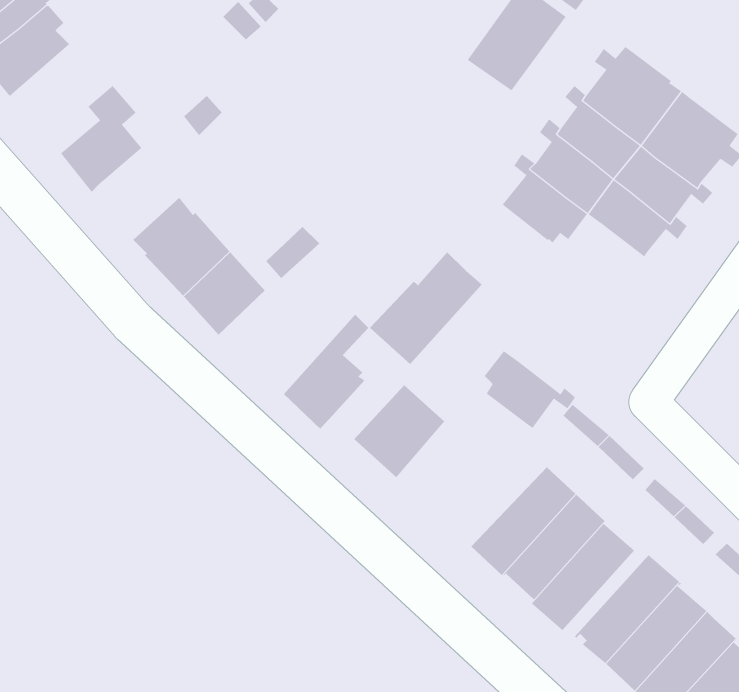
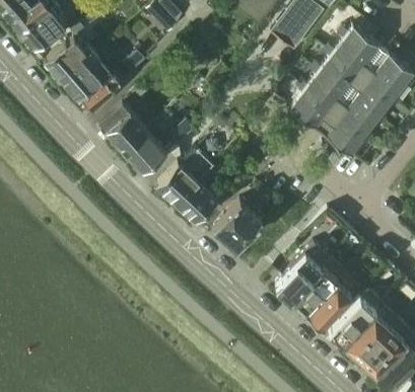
building: none -> [44,22,88,82]
building: none -> [81,72,123,113]
building: [369,251,482,365] -> [155,148,214,207]
building: [484,350,576,429] -> [325,113,372,154]

